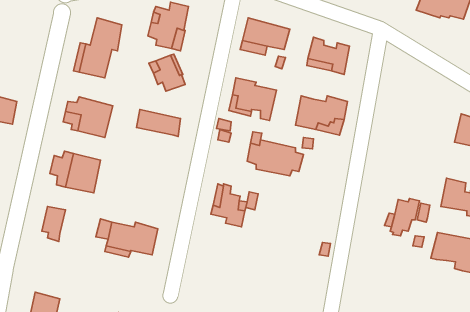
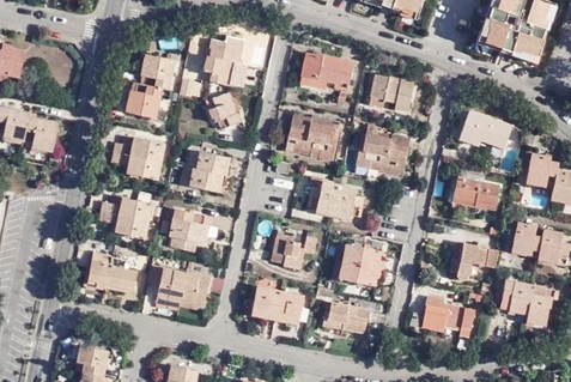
building: none -> [456,111,509,150]
building: none -> [181,166,227,193]
building: none -> [454,177,500,213]
building: none -> [170,207,208,249]
building: none -> [339,244,387,286]
building: none -> [107,255,138,286]
building: none -> [250,287,304,325]
building: none -> [421,297,475,339]
building: none -> [328,302,372,334]

